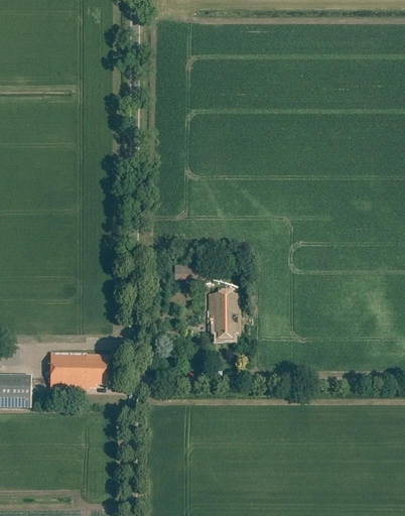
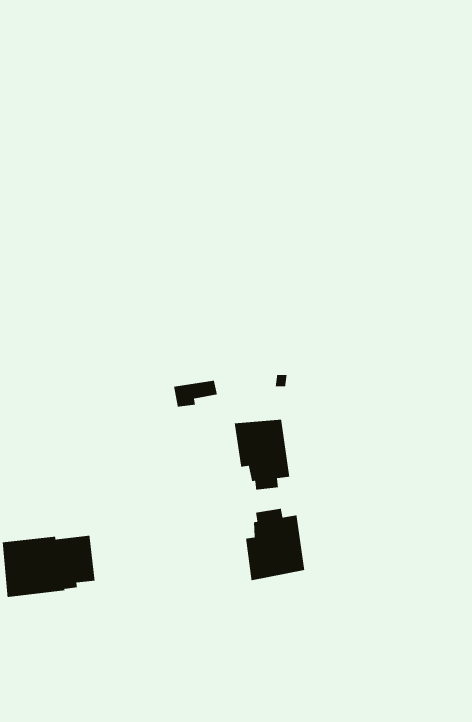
building: none -> [245,508,305,581]

